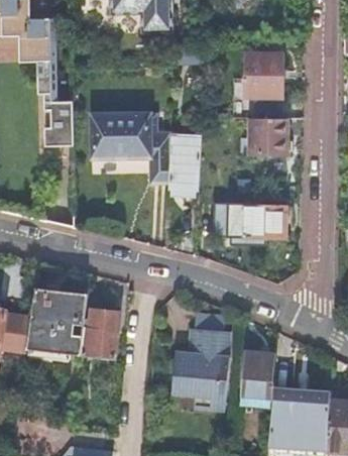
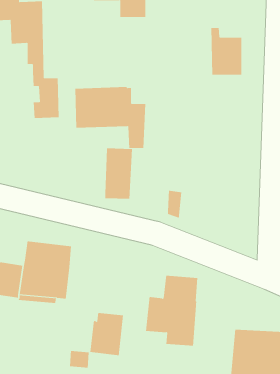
building: [249,118,291,154] -> none
building: [169,130,202,189] -> [105,148,133,199]
building: [227,204,285,244] -> none
building: [81,309,120,358] -> [89,312,124,356]
building: [240,353,271,398] -> none

